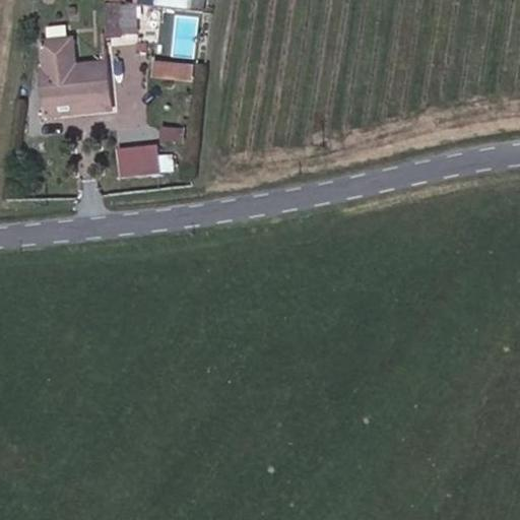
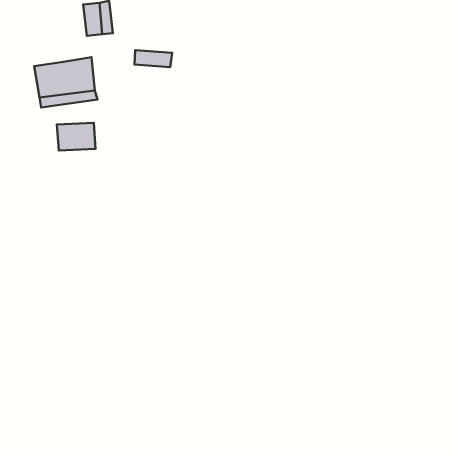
building: [40,42,72,74] -> none
building: [119,142,162,174] -> [57,123,96,151]

